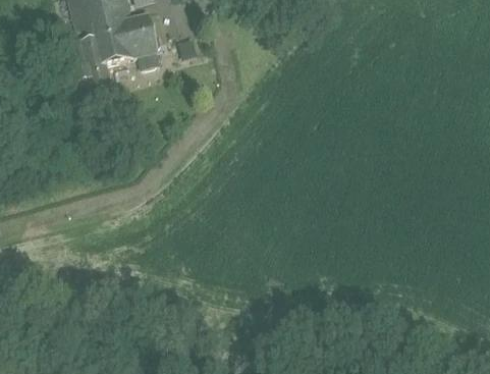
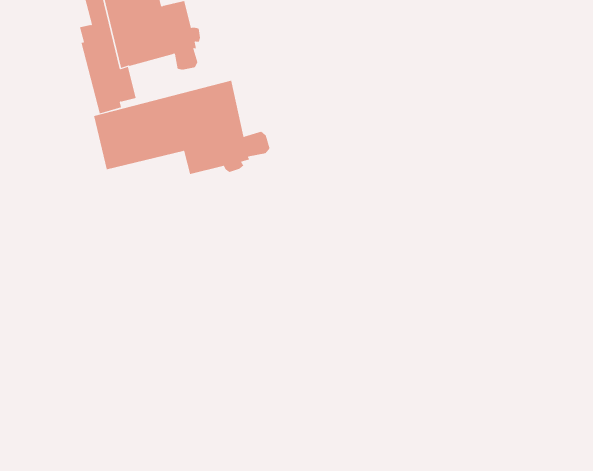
building: none -> [93,80,270,175]

